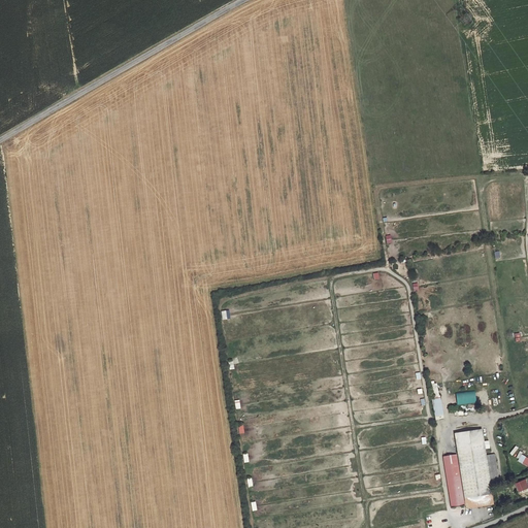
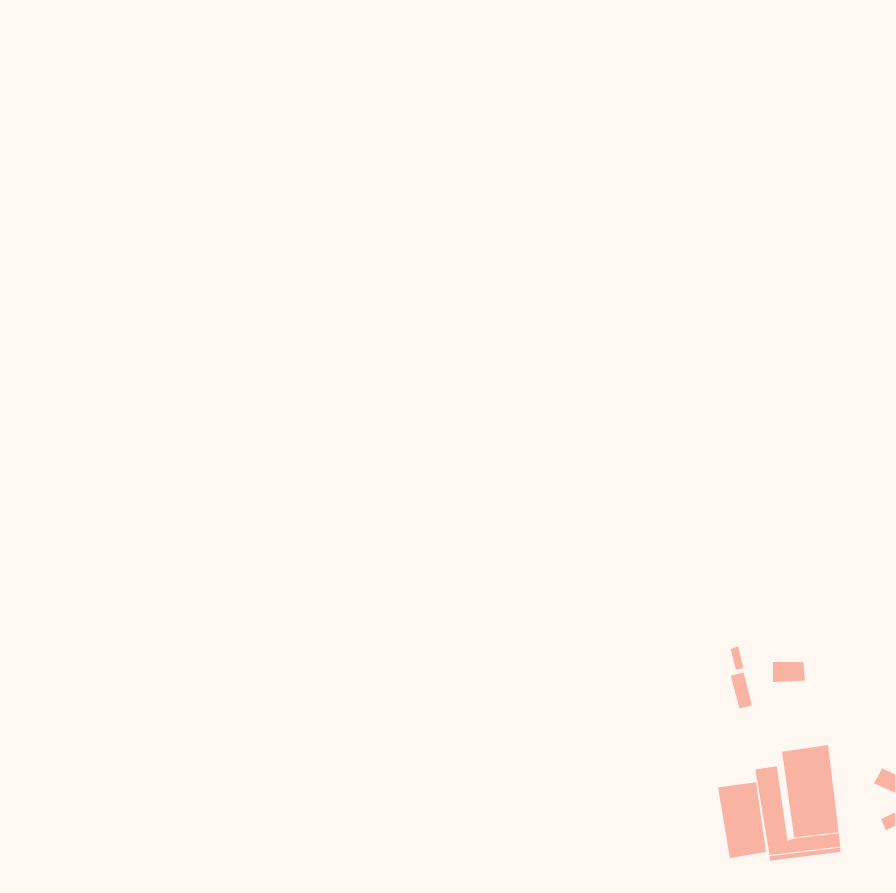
building: none -> [718,781,767,859]

